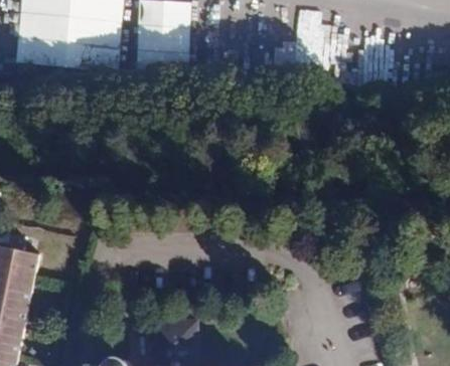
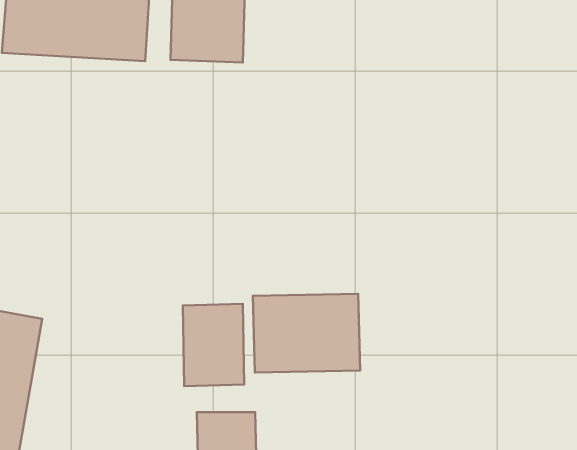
building: none -> [253,294,360,372]
building: none -> [183,304,244,386]

